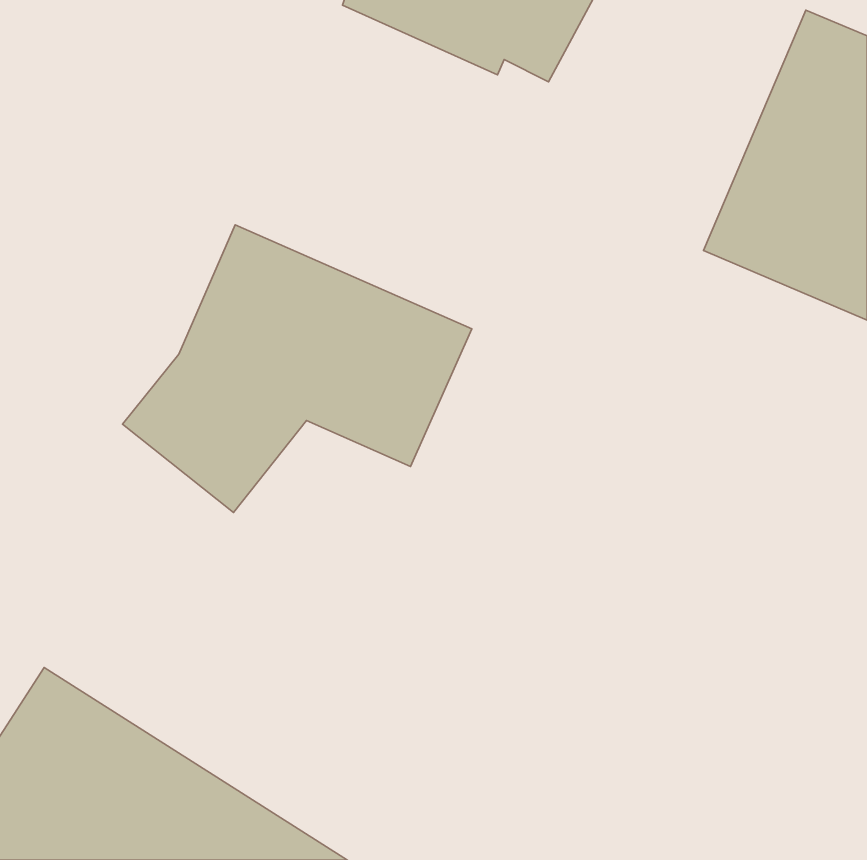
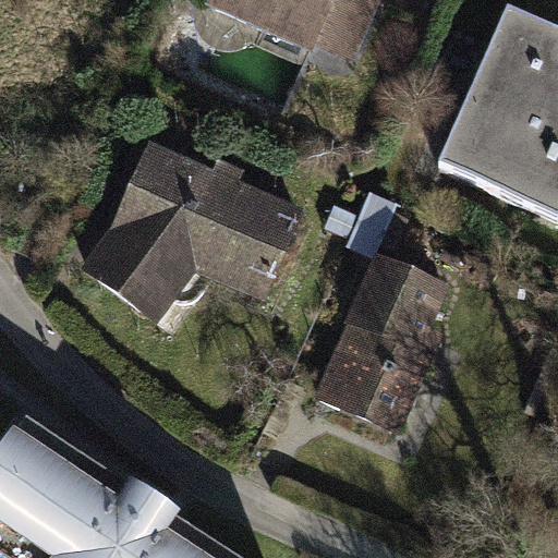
building: none -> [312,263,446,437]

